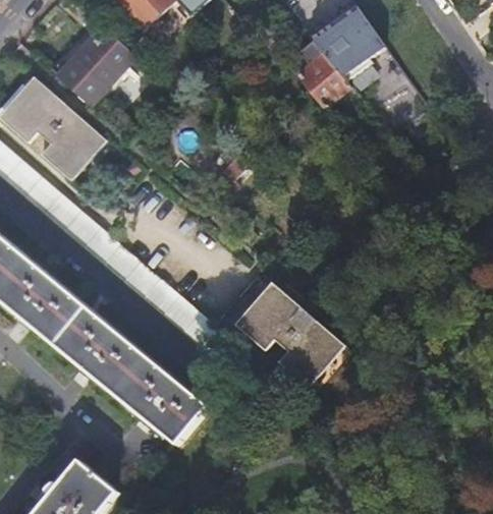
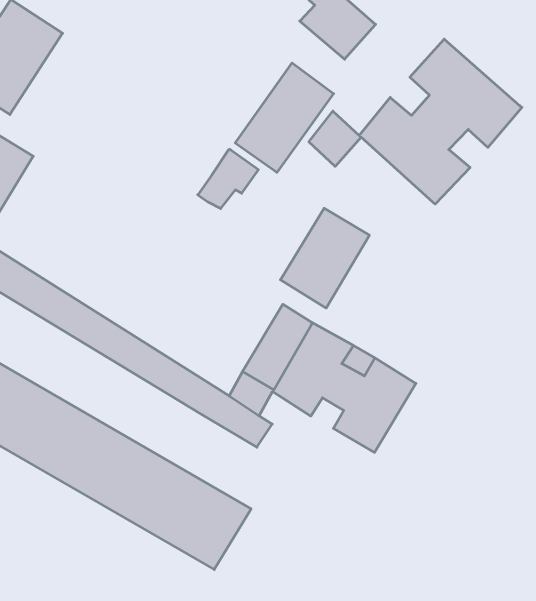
building: none -> [235,63,334,172]
building: none -> [309,39,522,204]
building: none -> [280,208,369,308]

